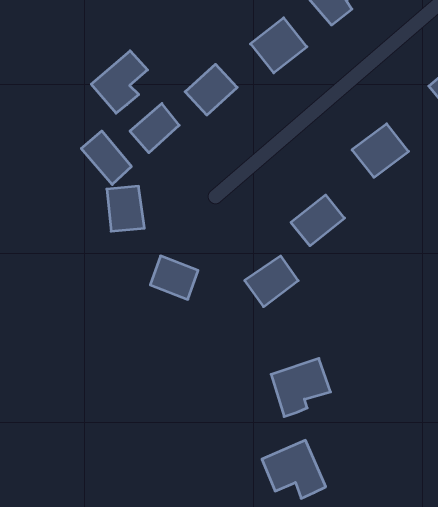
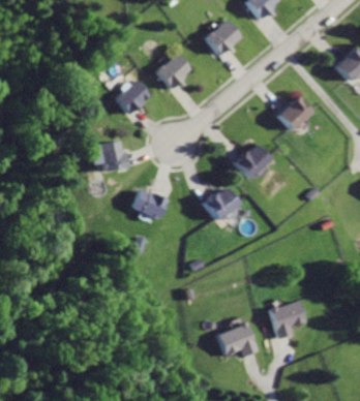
building: [91,51,148,113] -> none
building: [81,131,131,185] -> none
building: [271,358,331,417] -> [265,298,307,339]

